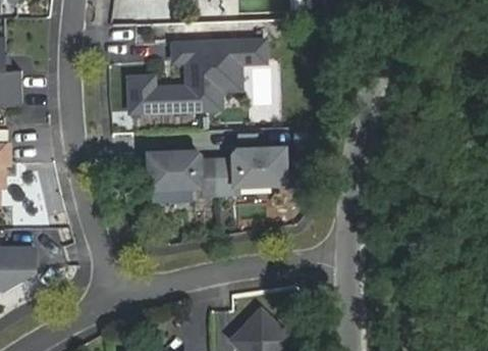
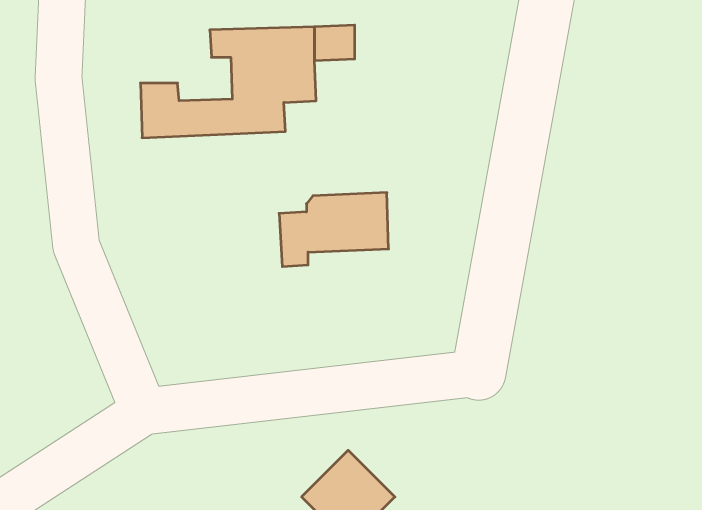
building: [148,151,218,195] -> none

